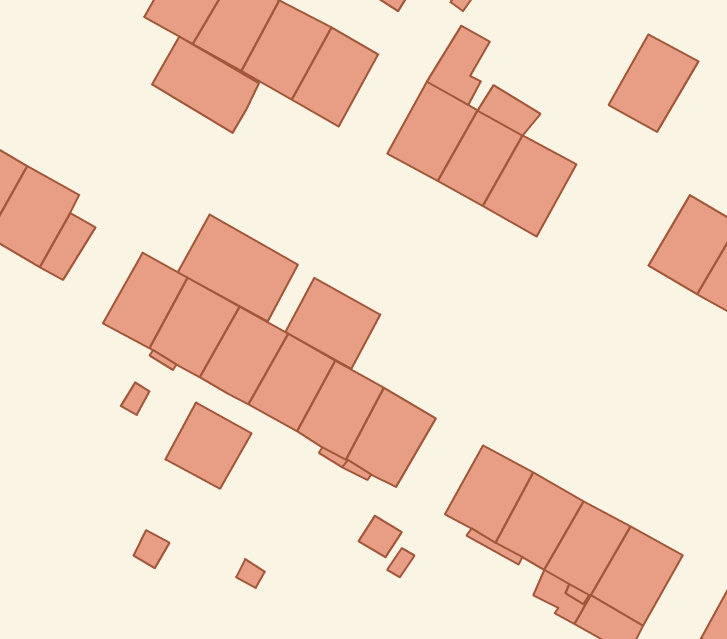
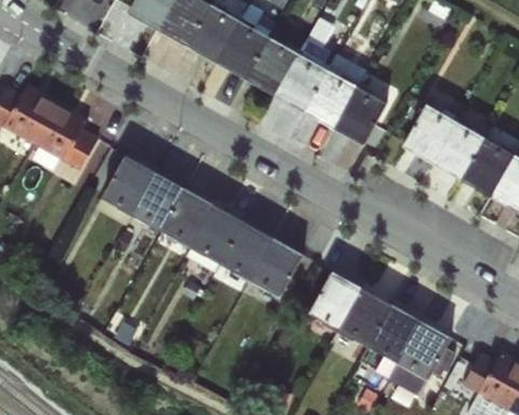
building: [609,34,699,132] -> [402,104,456,163]
building: [152,36,259,133] -> none
building: none -> [245,36,298,95]
building: [178,214,298,321] -> none
building: [285,278,380,369] -> none
building: [165,402,251,489] -> none

